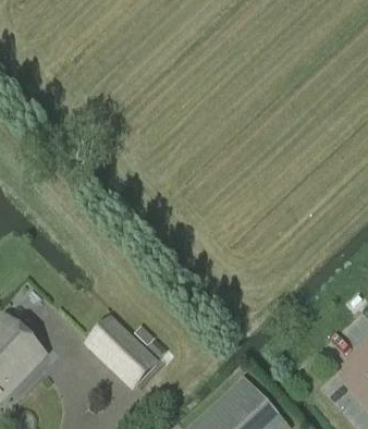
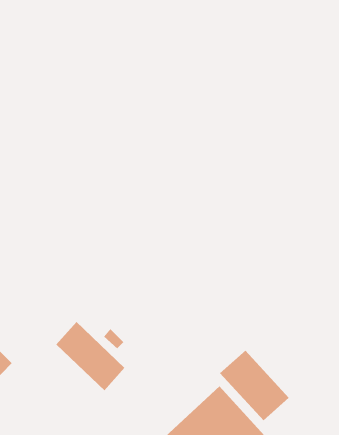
building: none -> [219,350,290,421]

